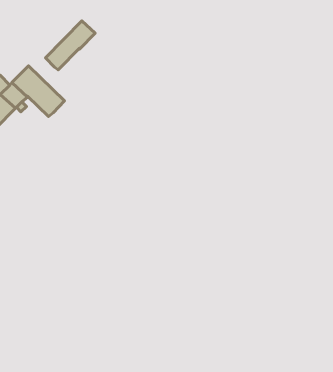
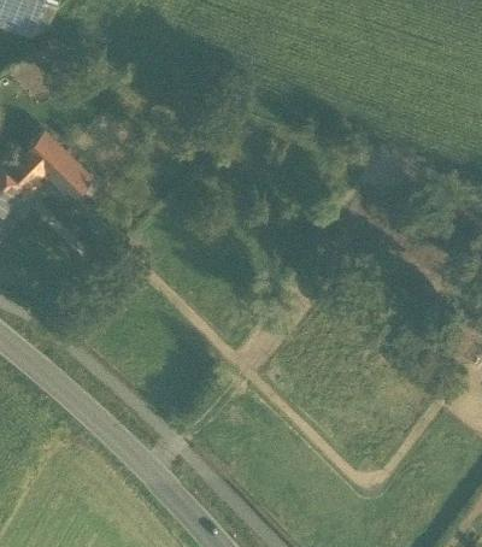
building: [45,21,95,70] -> none

